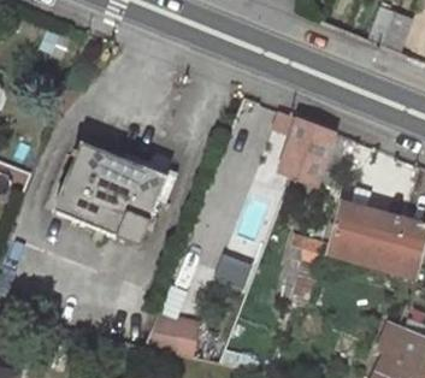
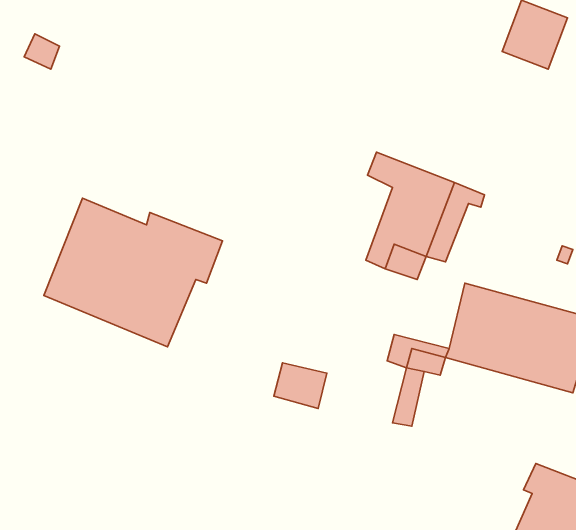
building: [143,317,195,356] -> none

